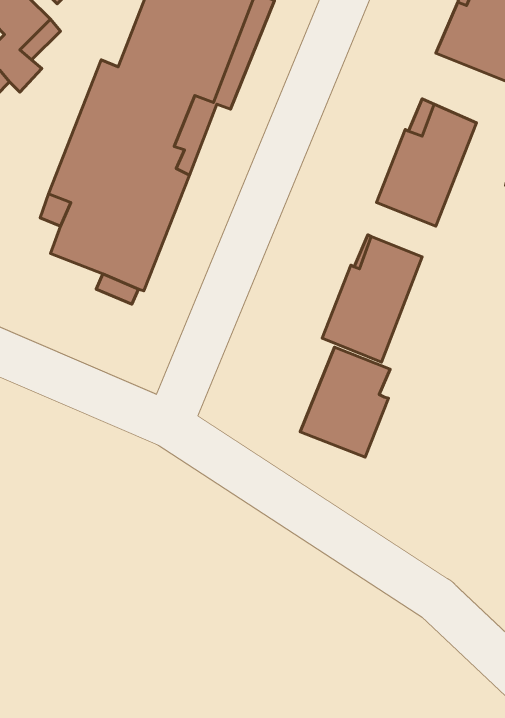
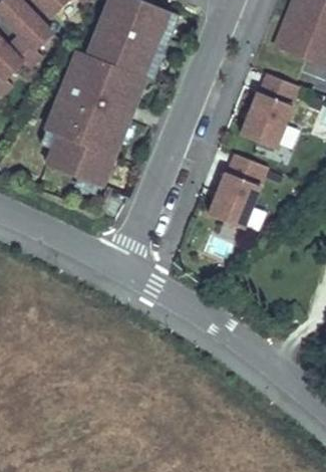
building: [300,347,390,457] -> none

